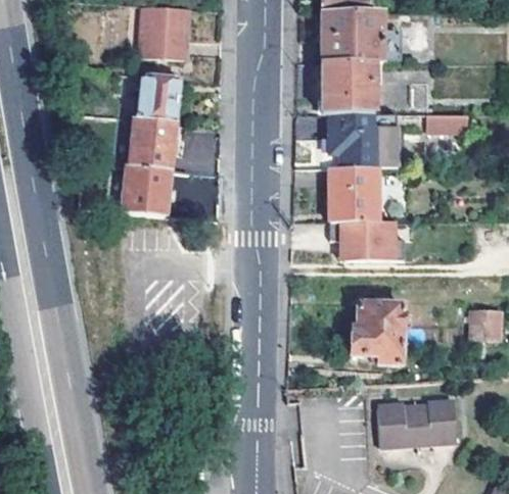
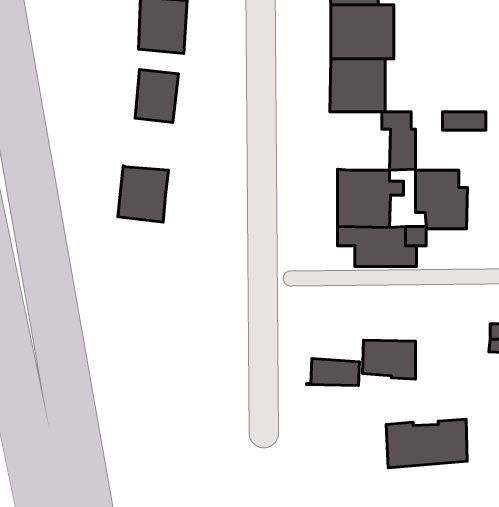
building: [329,112,378,167] -> [416,170,467,229]
building: [128,118,173,167] -> none
building: [353,303,403,329] -> [306,359,359,386]

